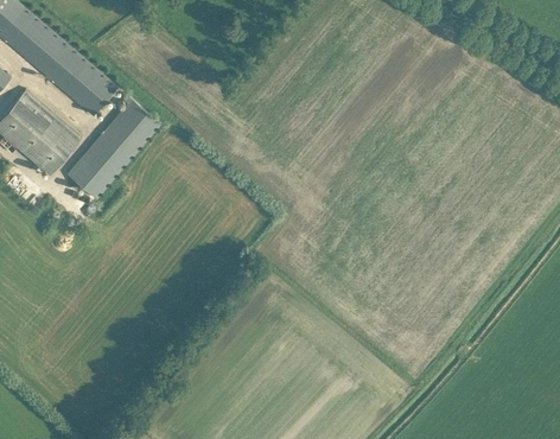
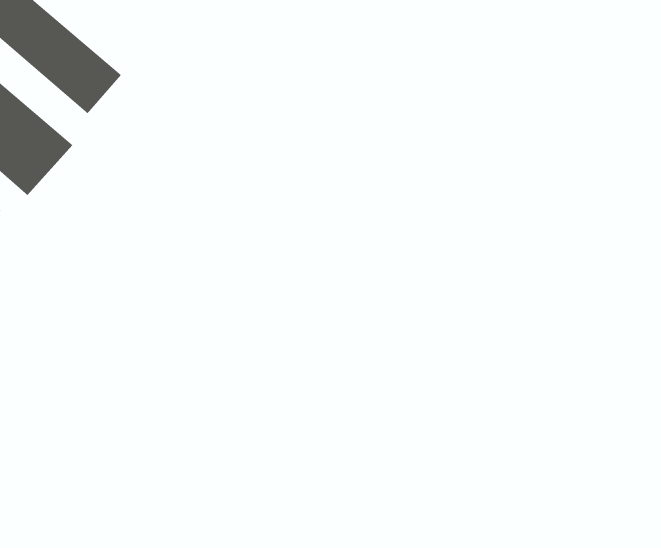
building: [66,94,160,198] -> none

